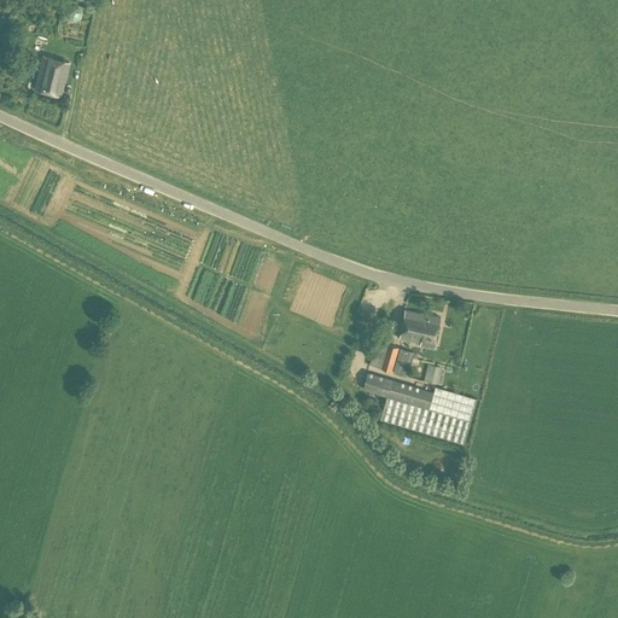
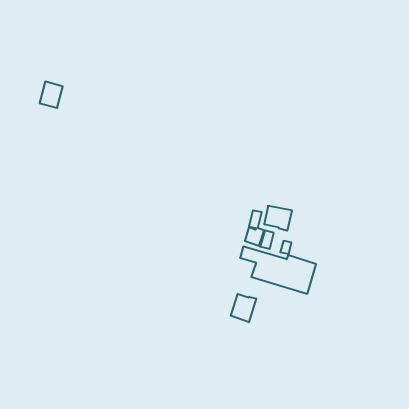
building: [34,56,69,95] -> [40,82,63,108]
building: none -> [231,294,256,322]

